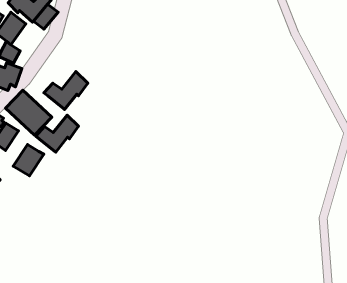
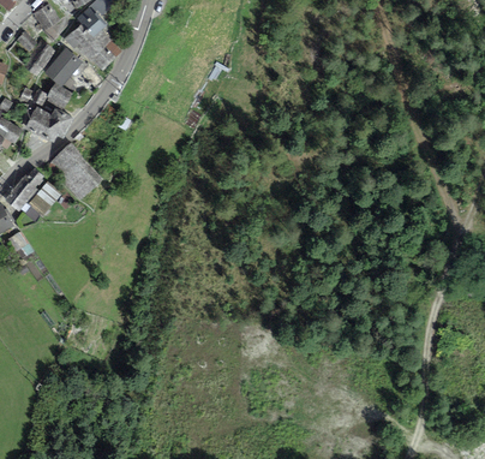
building: [44,72,88,109] -> none
building: [36,115,78,152] -> none
building: [13,144,44,176] -> none

